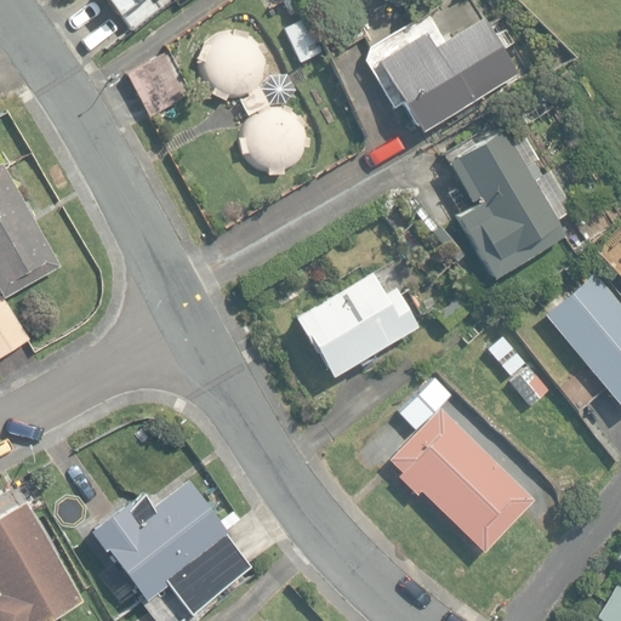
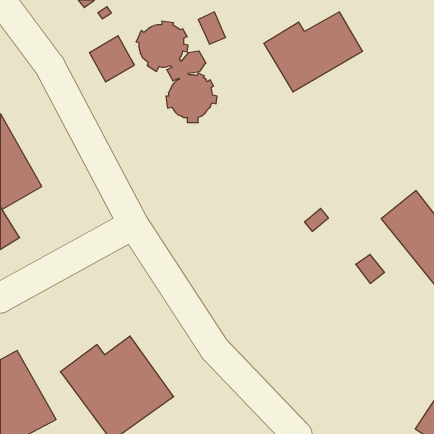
building: [441,123,564,278] -> none
building: [289,262,420,380] -> none
building: [388,408,534,552] -> none

